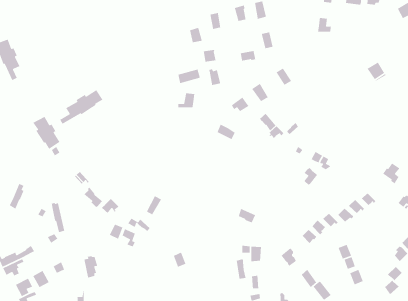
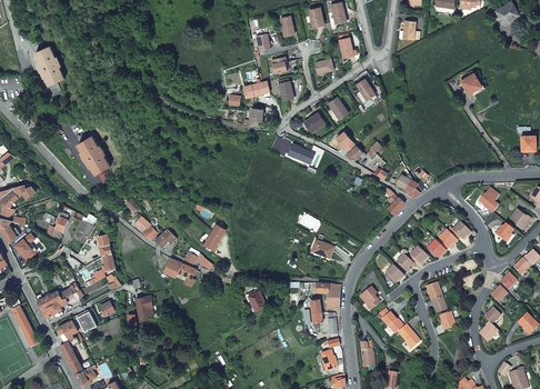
building: [59,89,104,125] -> none

